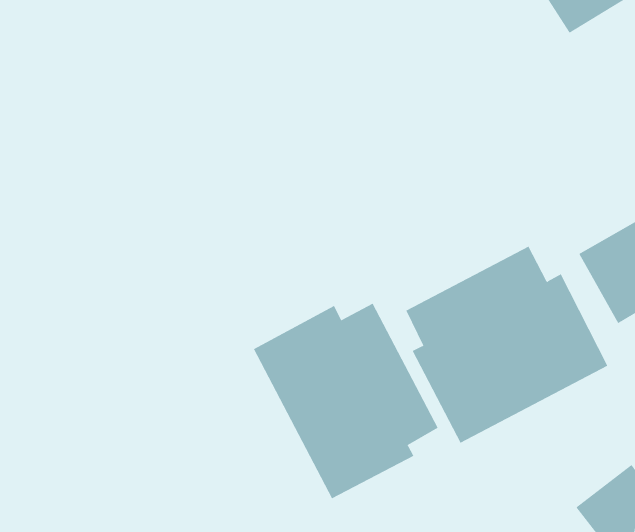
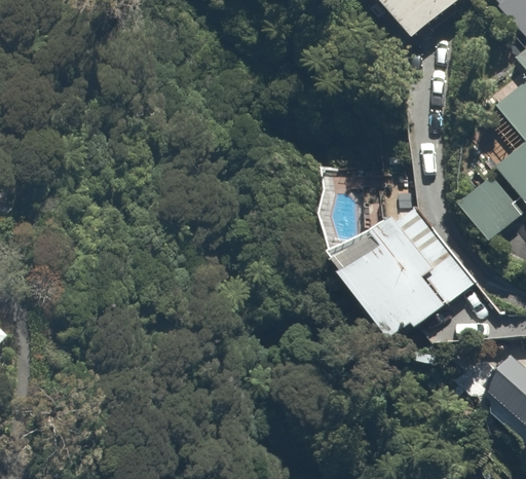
building: [253,303,439,499] -> none

